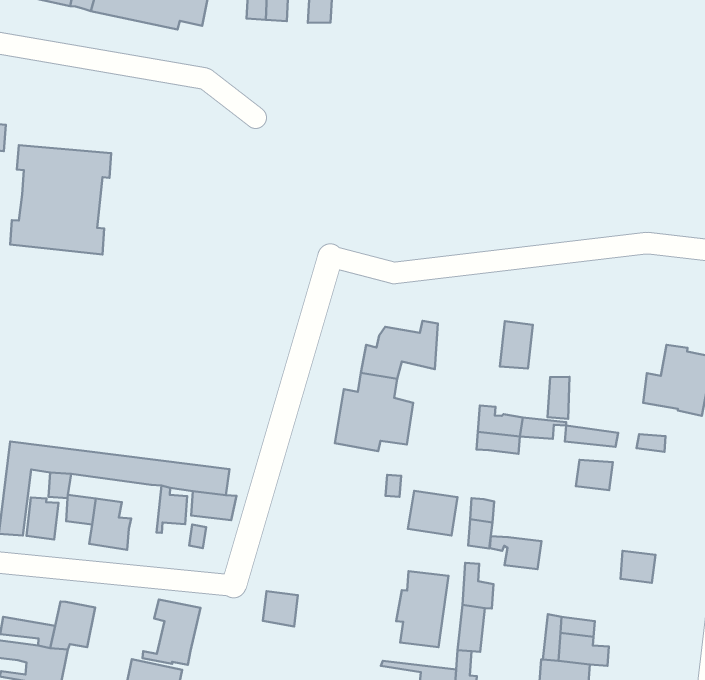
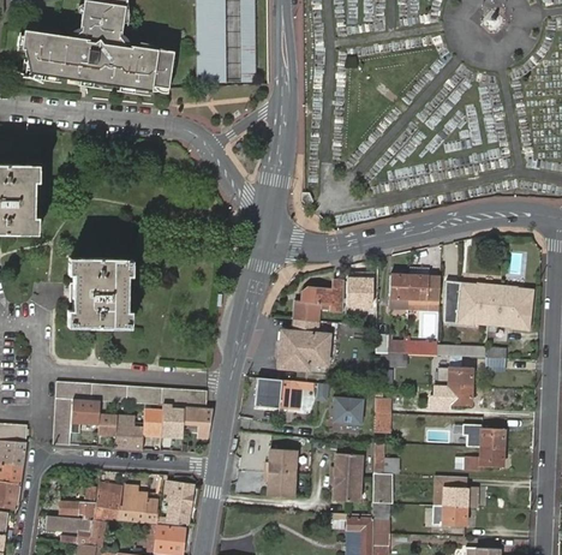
building: [10,145,111,255] -> [67,259,132,330]
building: none -> [407,270,438,309]
building: none -> [347,278,375,310]
building: none -> [442,278,501,326]
building: none -> [255,378,313,411]
building: none -> [142,405,162,437]
building: [490,536,541,569] -> [434,386,468,406]
building: none -> [263,448,297,497]
building: none -> [471,447,502,471]
building: none -> [120,493,159,526]

